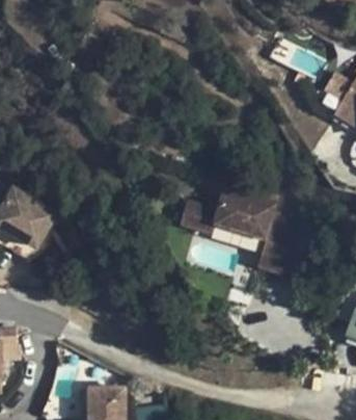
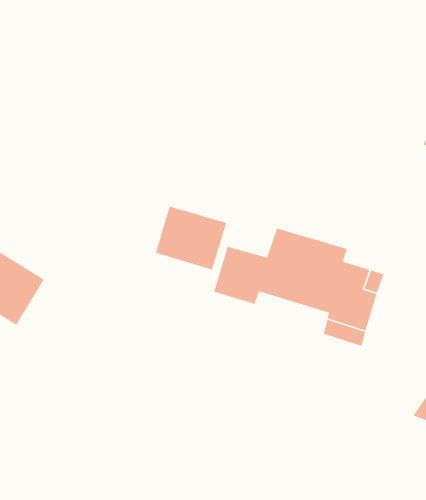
building: none -> [155,205,227,270]

